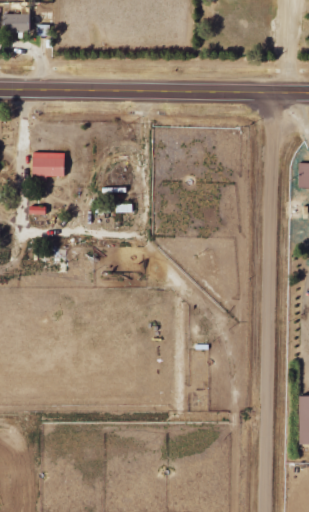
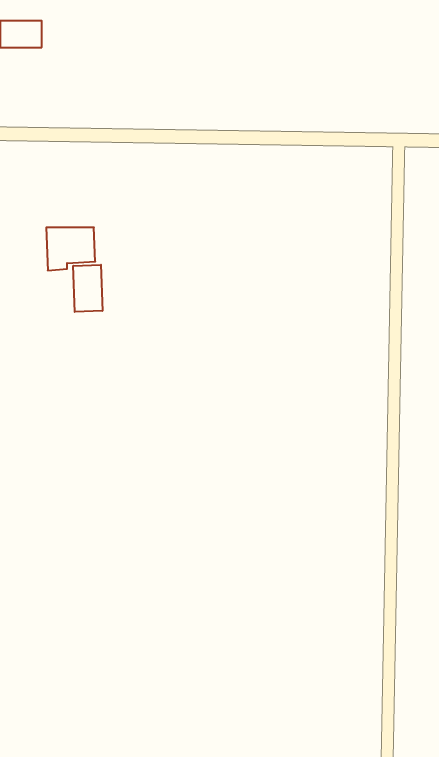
building: none -> [73,265,102,312]

